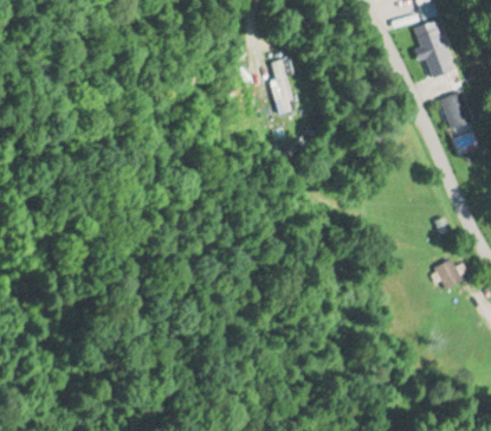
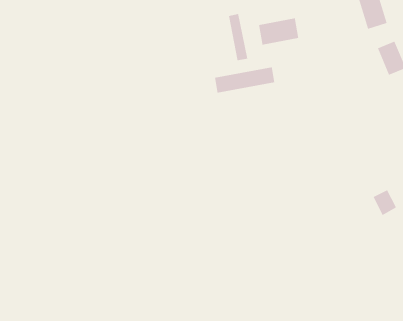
building: none -> [258,17,299,45]
building: none -> [215,67,275,93]

